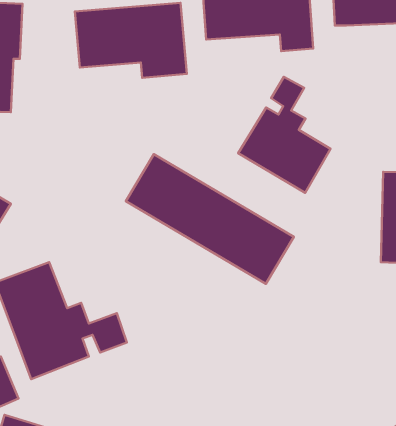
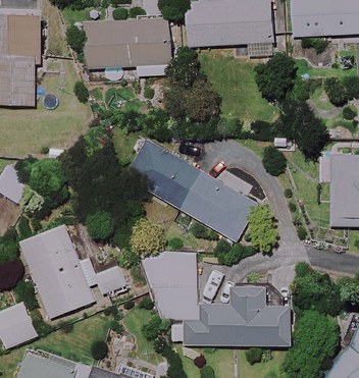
building: [238,77,331,193] -> none
building: none -> [136,253,293,345]

